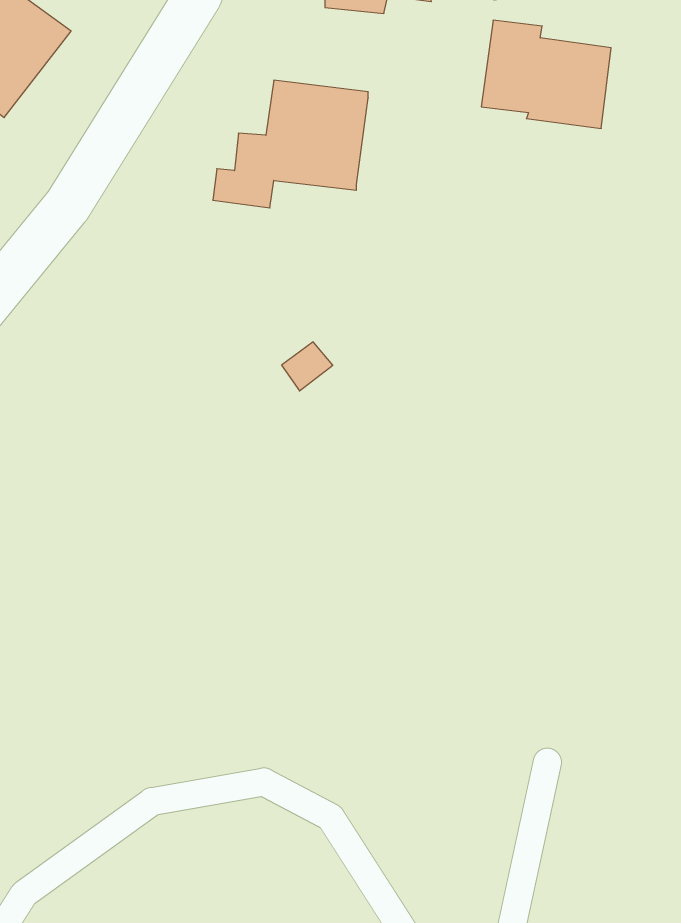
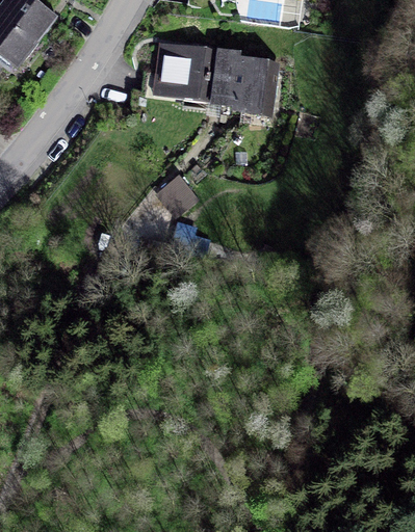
building: [481,20,611,128] -> [208,52,277,109]

